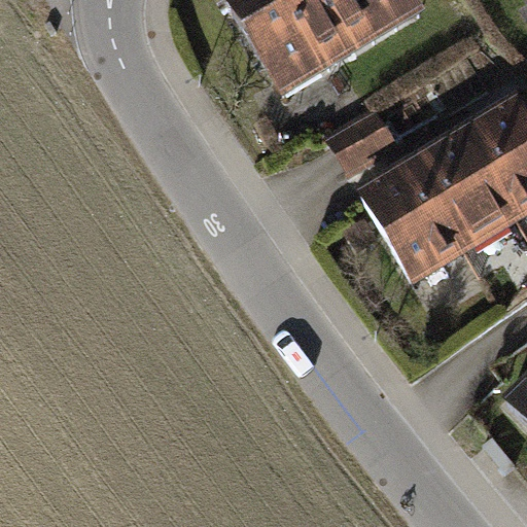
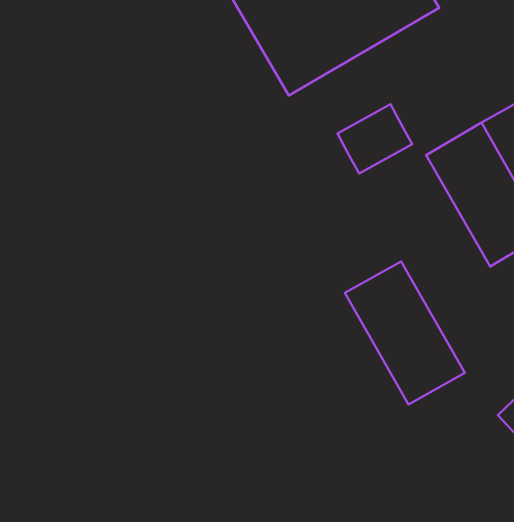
building: [360,151,475,287] -> [345,261,465,404]

